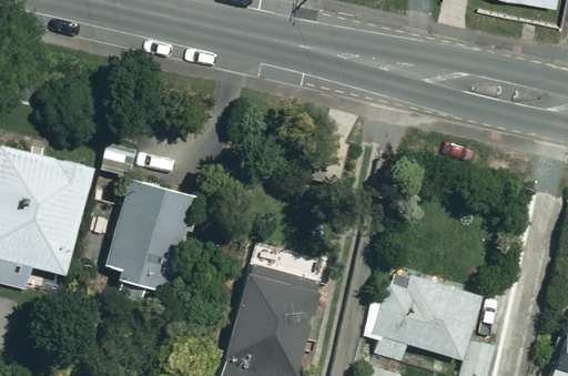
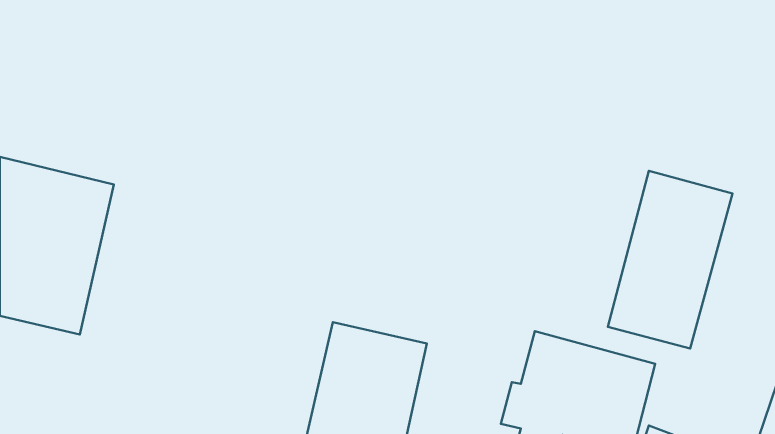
building: none -> [608,171,733,349]
building: [105,180,196,306] -> none

